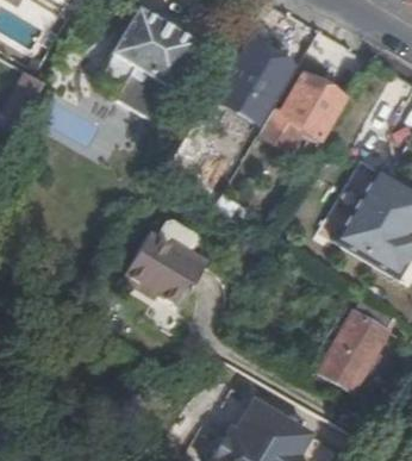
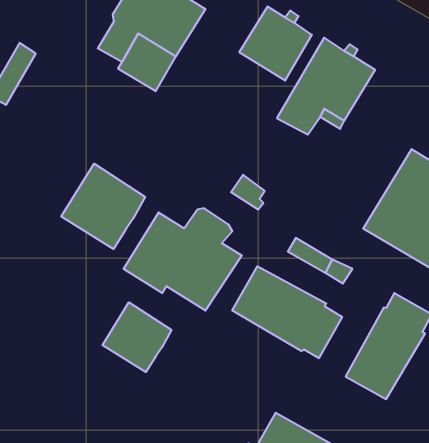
building: none -> [61,164,145,249]
building: none -> [232,266,342,358]
building: none -> [102,302,171,372]

